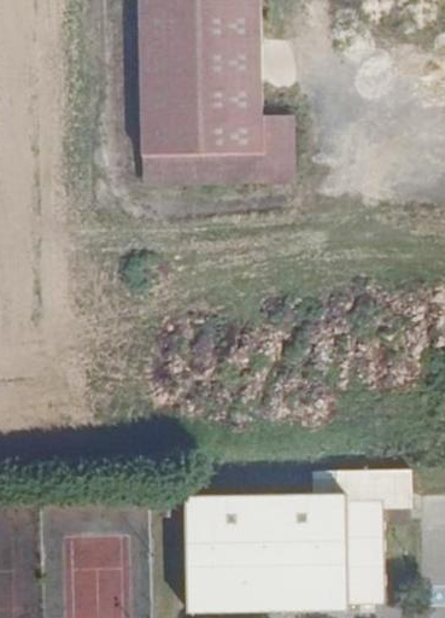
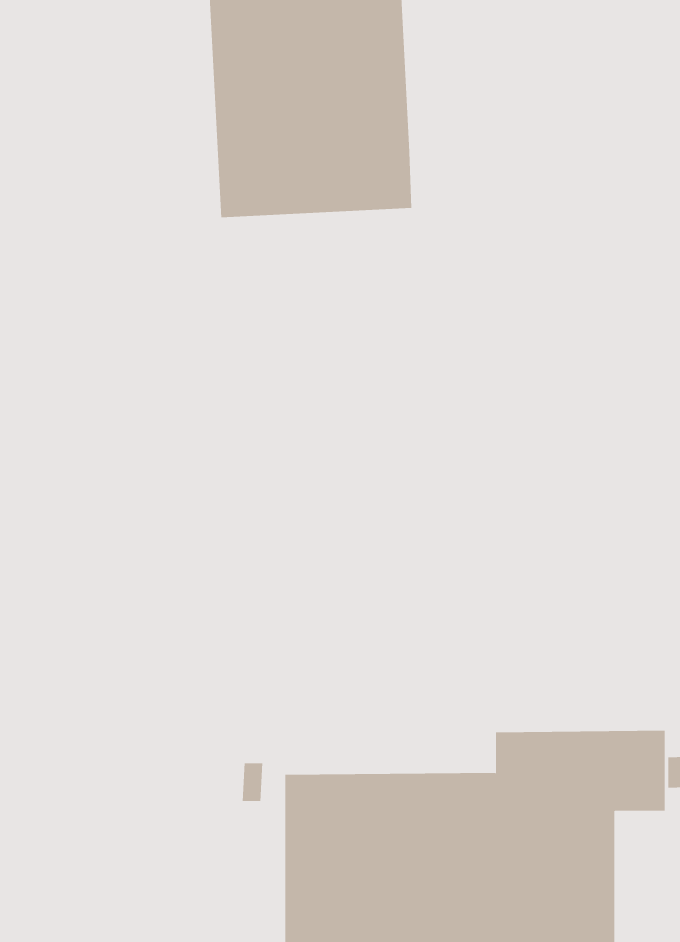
building: [144,110,292,182] -> none

